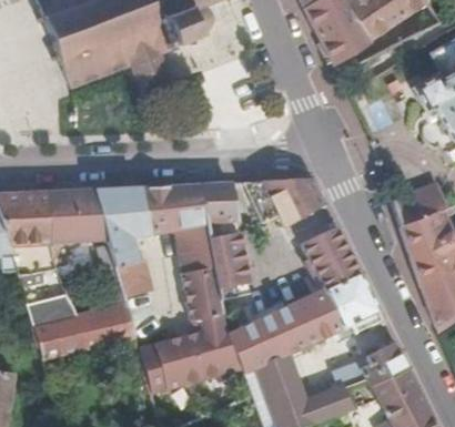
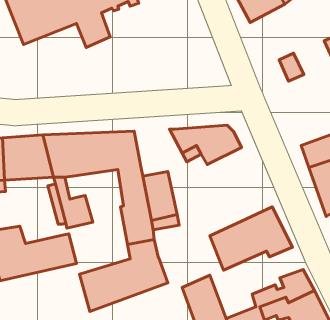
building: [199,183,235,225] -> none
building: [301,225,358,288] -> none
building: [228,305,302,370] -> none

